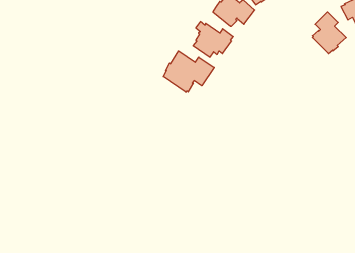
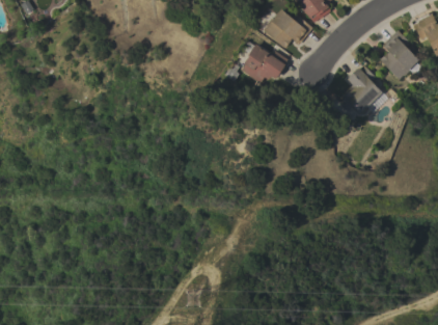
building: none -> [339,64,388,113]
building: [163,51,214,92] -> none

